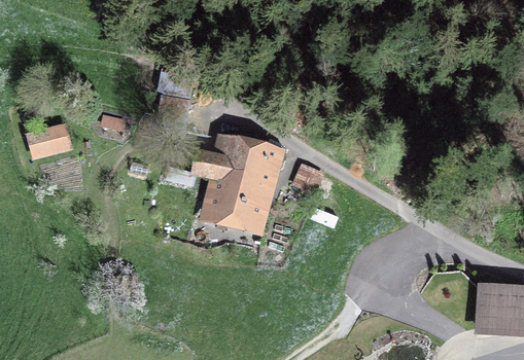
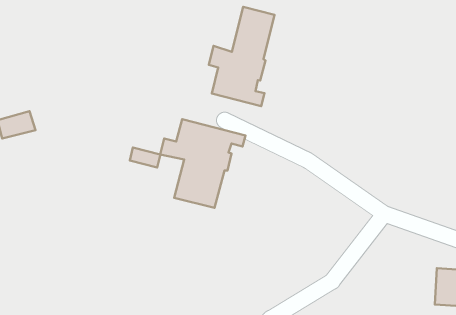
building: none -> [209,7,274,106]

